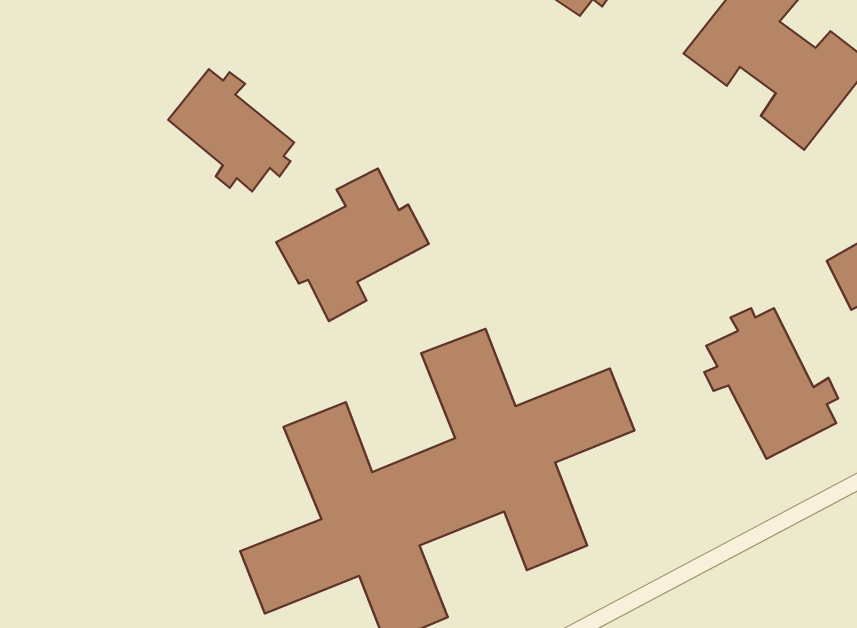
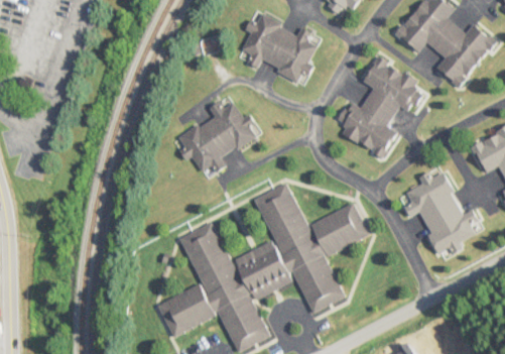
building: none -> [242,15,317,81]
building: [168,69,294,191] -> none
building: none -> [333,56,423,157]

